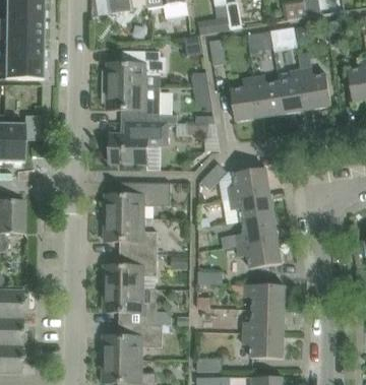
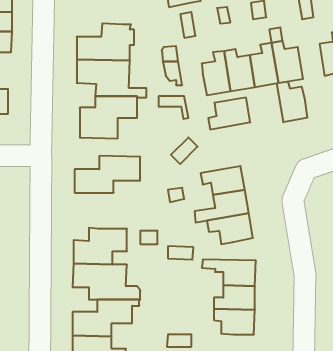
building: none -> [277,82,307,122]
building: [228,167,269,198] -> [208,98,250,129]
building: [105,217,158,253] -> none

